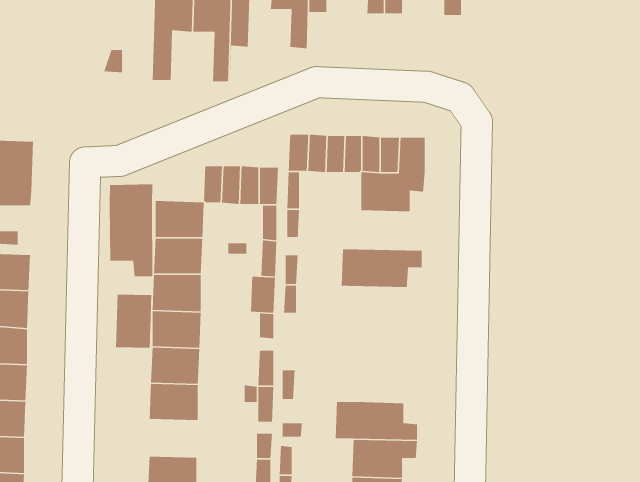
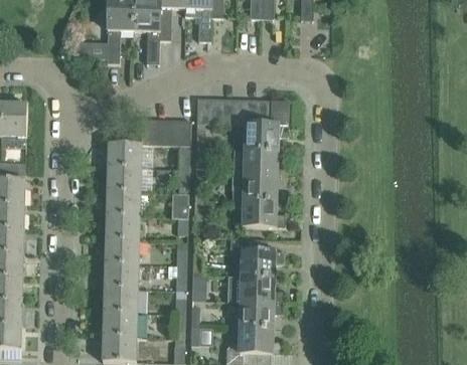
building: [109,183,153,277] -> none
building: none -> [232,149,286,175]
building: none -> [237,199,285,226]
building: [115,294,152,348] -> none
building: none -> [241,249,284,277]
building: none -> [104,288,137,313]

